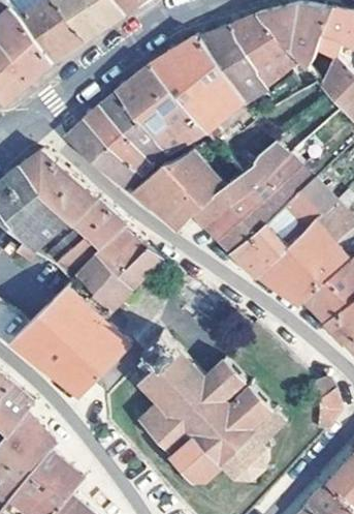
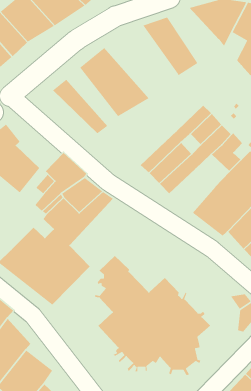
building: [229,16,294,85] -> none
building: [149,35,242,131] -> none
building: [100,92,166,167] -> none
building: [64,121,140,191] -> none
building: [24,151,97,224] -> none
building: [132,151,226,233] -> none
building: [231,221,289,279] -> none

